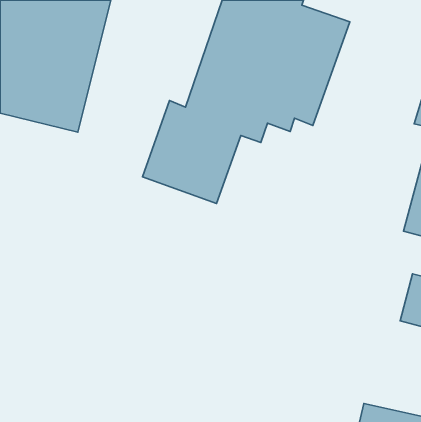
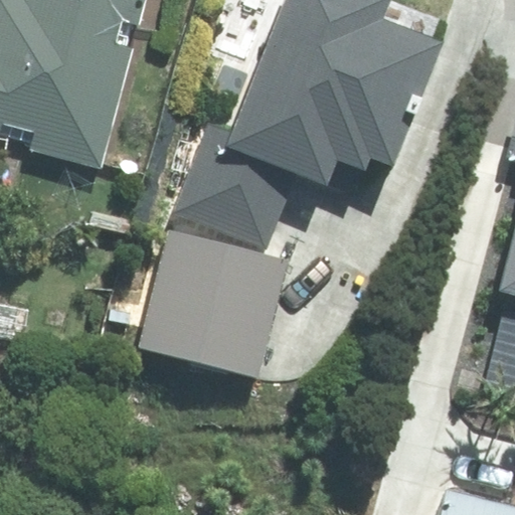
building: none -> [143,228,286,373]

